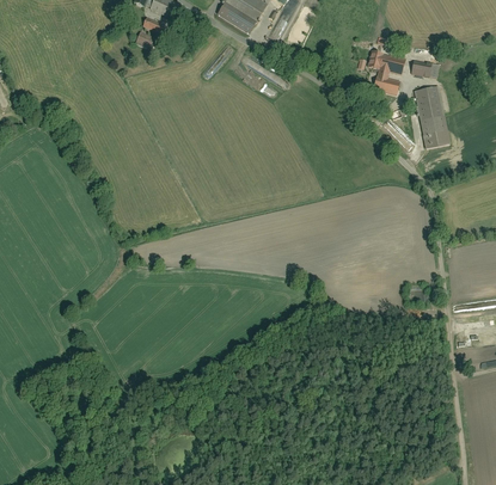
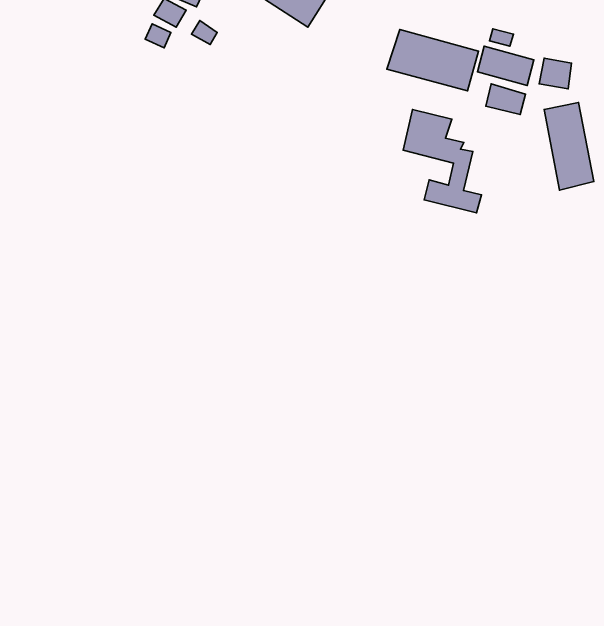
building: none -> [387,30,478,91]
building: none -> [403,109,482,213]

